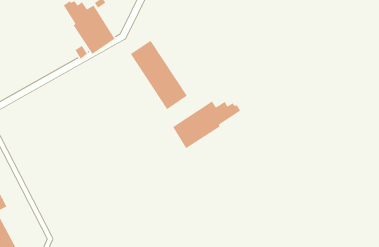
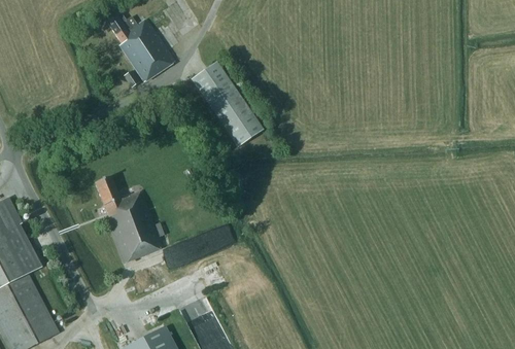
building: [172,101,241,149] -> none
building: none -> [94,175,162,261]

